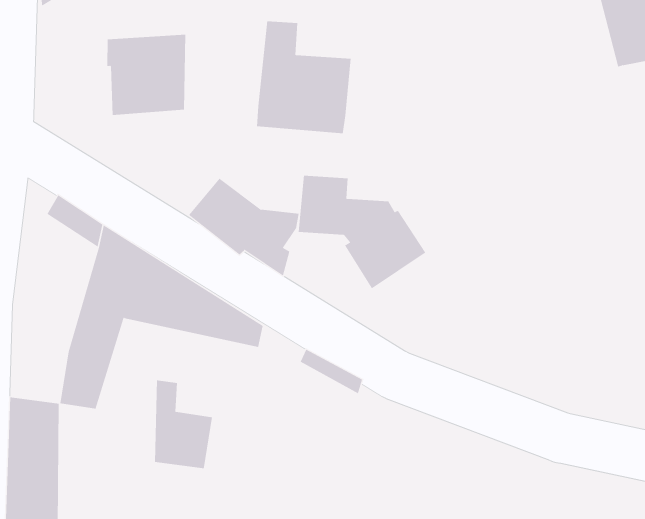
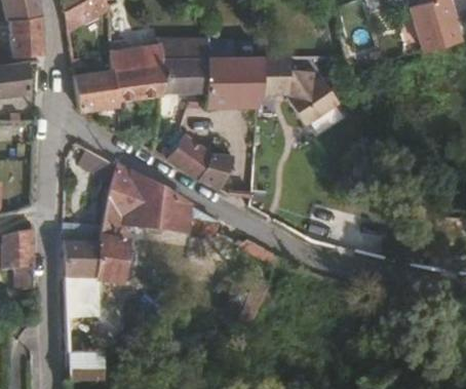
building: none -> [157,37,206,94]
building: none -> [74,71,117,111]
building: [298,175,426,289] -> [259,56,338,123]
building: [154,380,213,469] -> [63,226,99,278]

